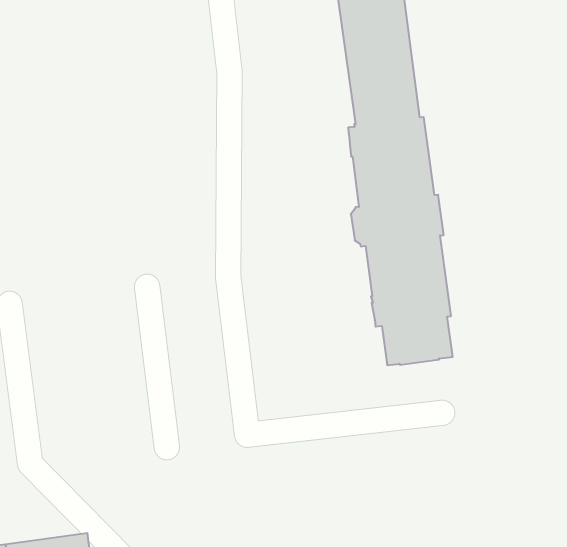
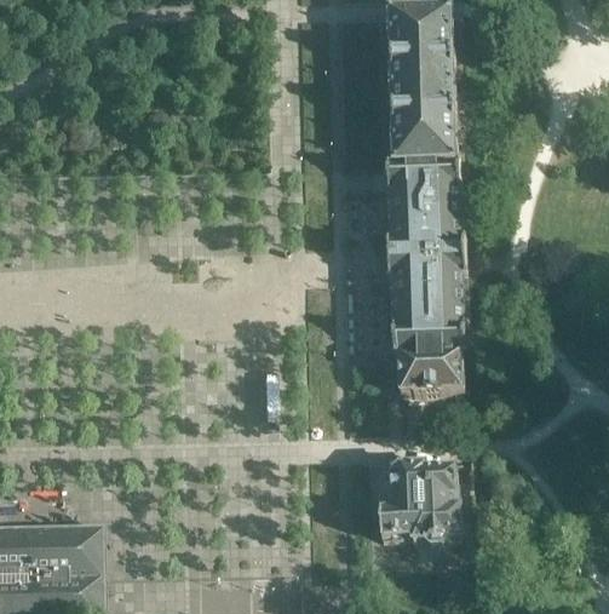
building: none -> [378,457,459,543]

